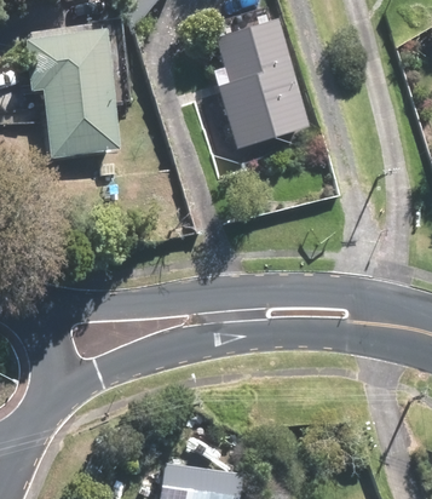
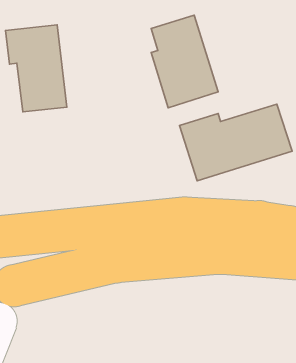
building: none -> [180,104,292,181]

